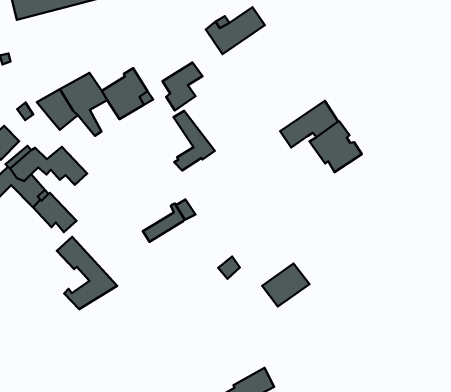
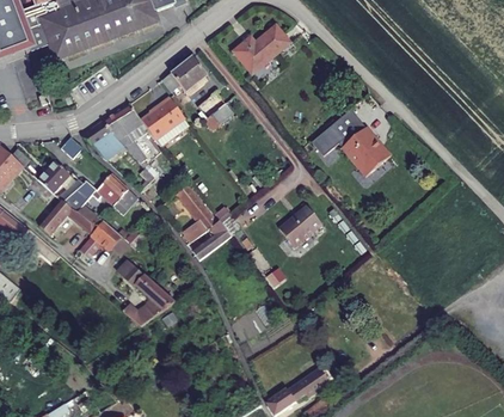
building: none -> [161,56,207,93]
building: [173,111,215,170] -> [177,184,219,240]
building: [262,263,309,306] -> [278,204,322,246]

